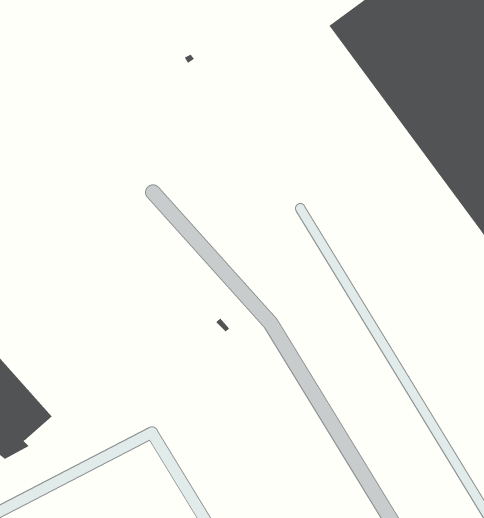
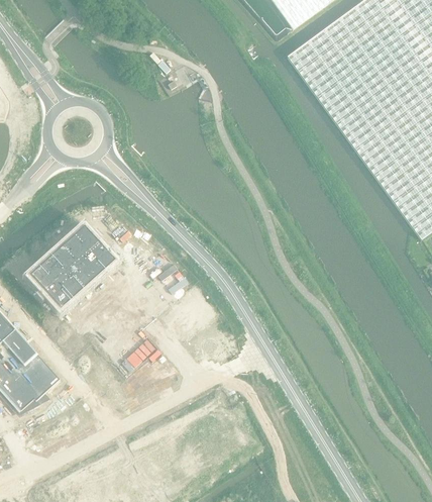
building: none -> [29,225,115,308]

